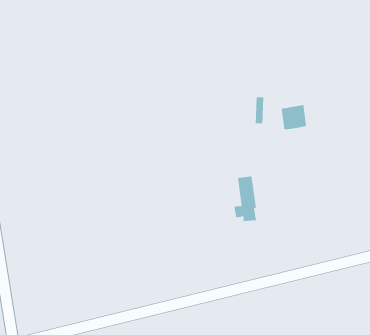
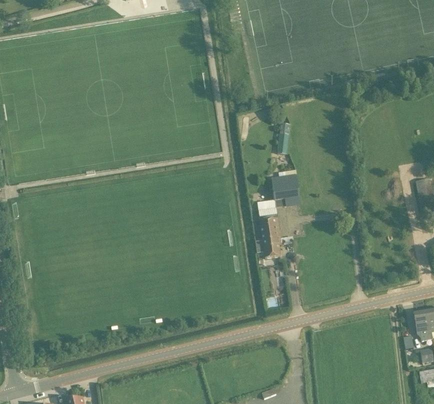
building: [281,105,307,130] -> [272,173,300,200]

